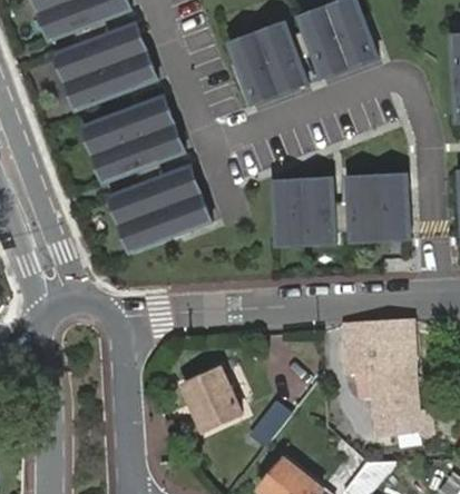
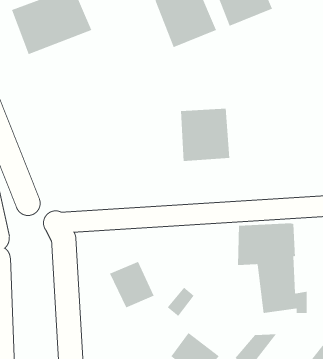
building: [86,98,188,184] -> none
building: [111,167,214,253] -> none
building: [343,172,405,240] -> none

